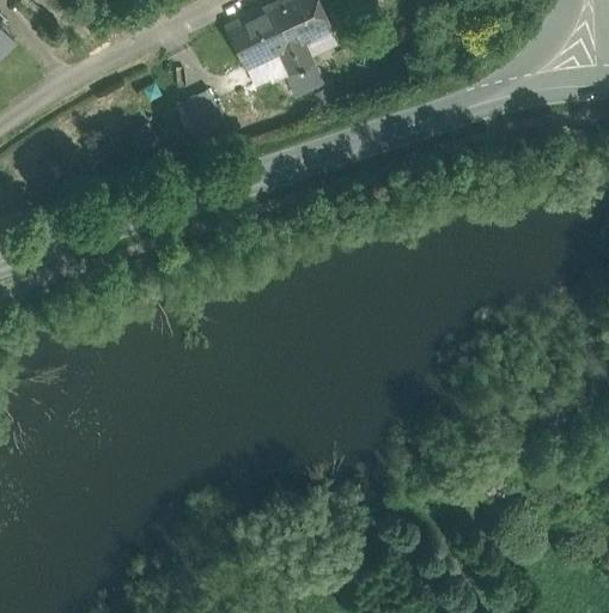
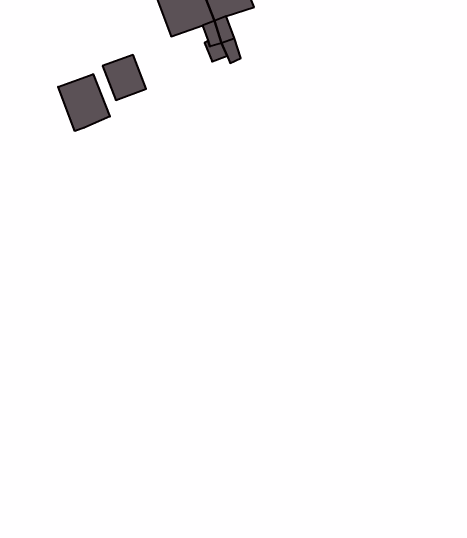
building: none -> [58,74,110,131]

